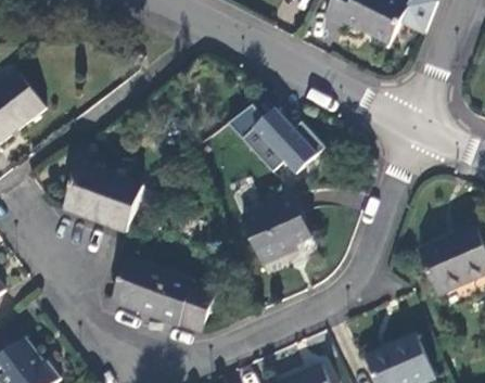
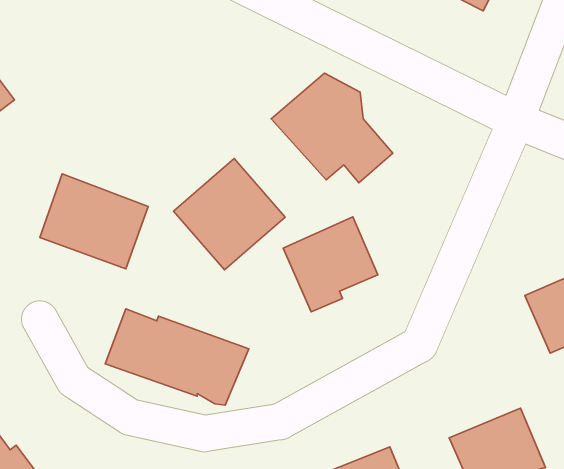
building: none -> [174,159,285,270]

